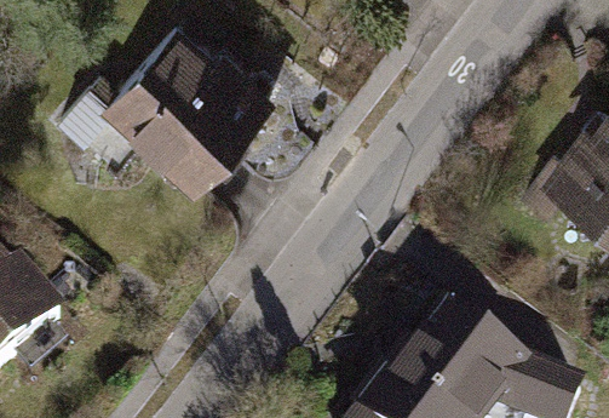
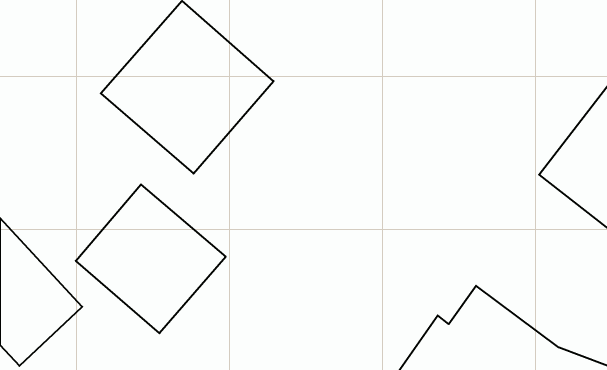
building: none -> [76,184,226,333]

